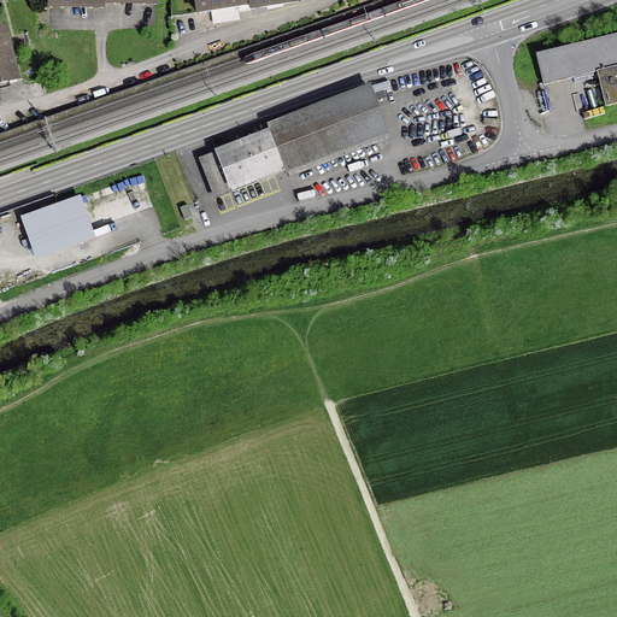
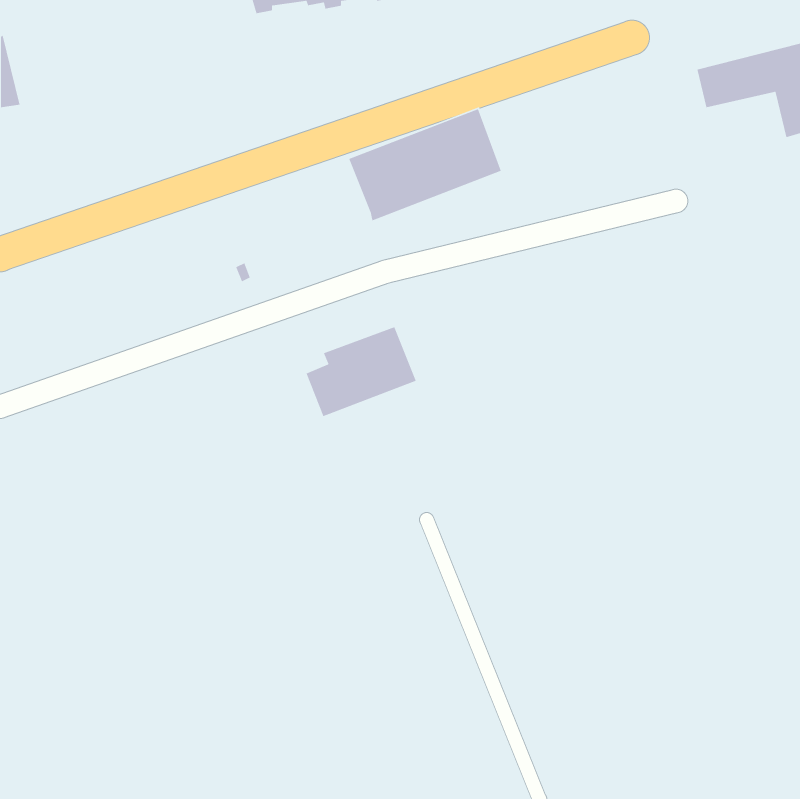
building: [200,122,286,192] -> [305,326,417,417]
building: [24,195,94,257] -> none

